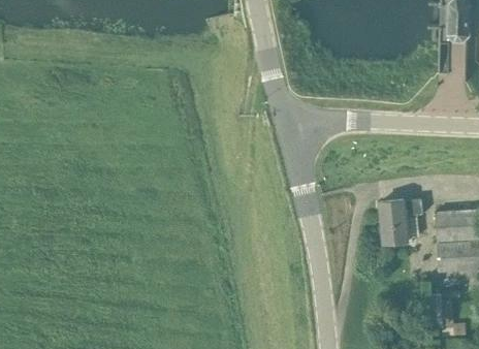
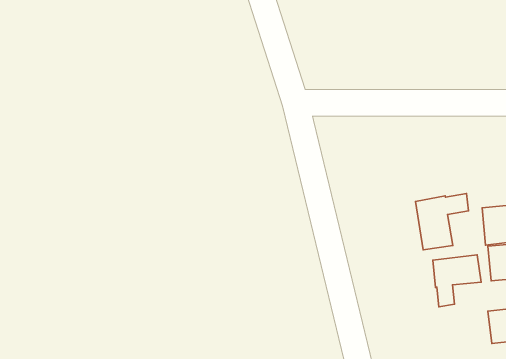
building: none -> [433,255,481,307]

